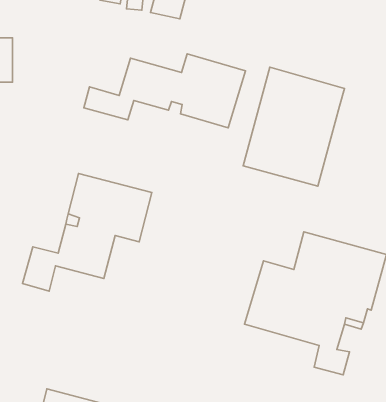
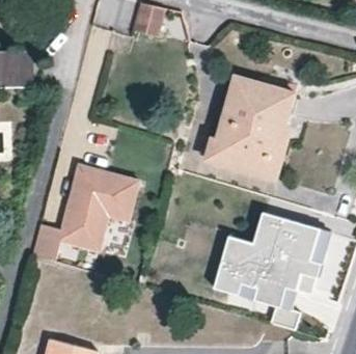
building: [84,54,245,128] -> none

